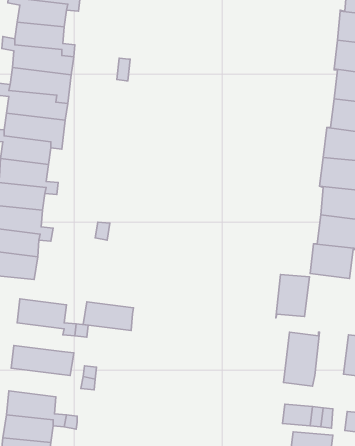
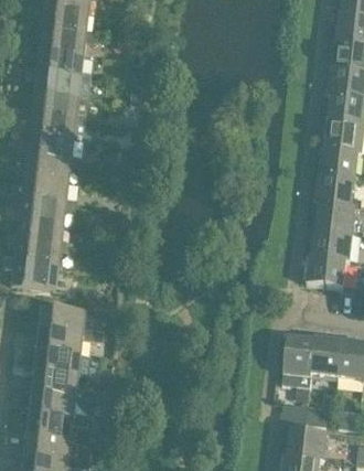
building: [276,275,309,318] -> [310,336,341,376]
building: [83,302,134,331] -> [33,328,79,354]
building: none -> [29,370,75,396]

